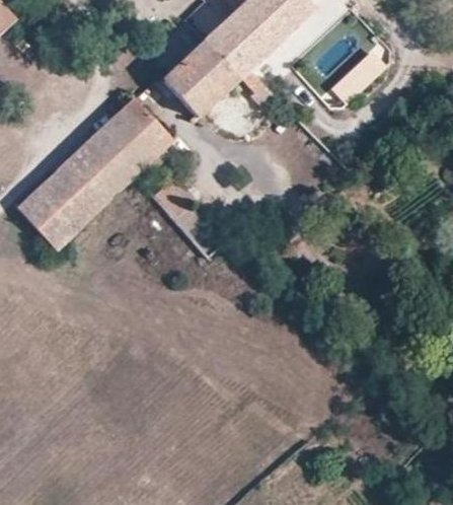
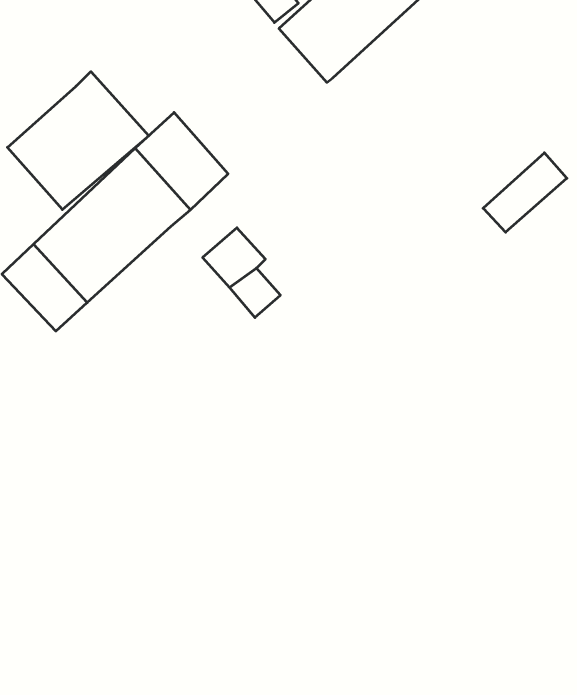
building: [165,41,238,114] -> none
building: [331,52,388,105] -> [483,153,567,232]
building: none -> [7,72,149,210]

